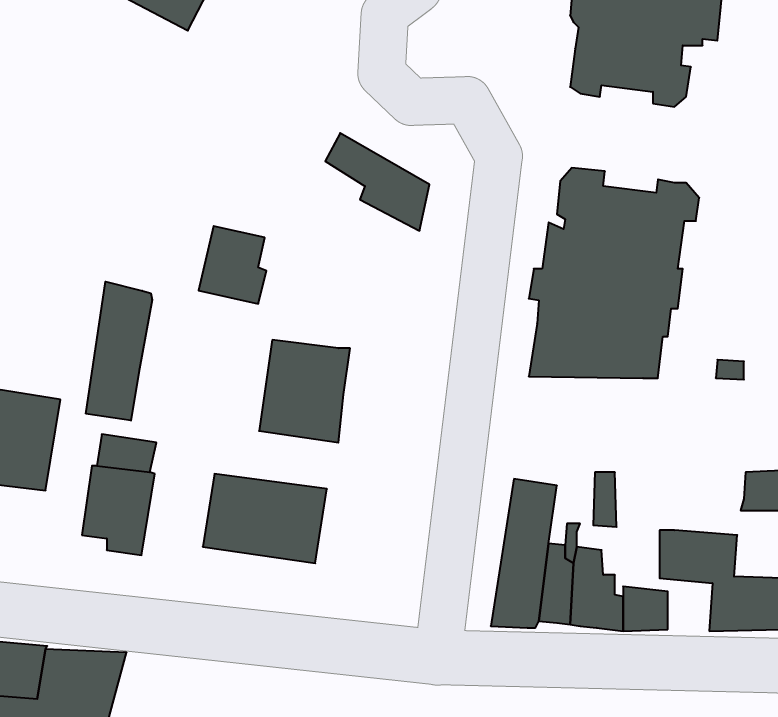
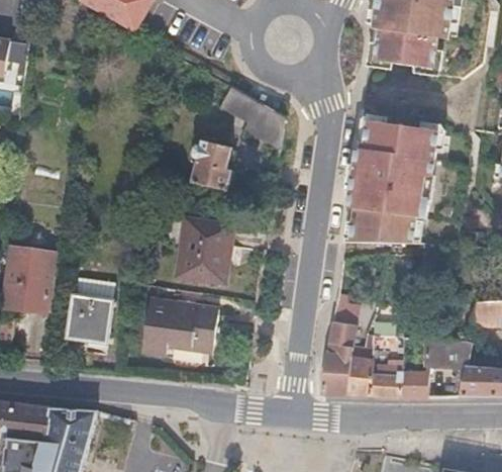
building: [199,226,266,304] -> [191,137,232,185]
building: [86,282,152,421] -> none

